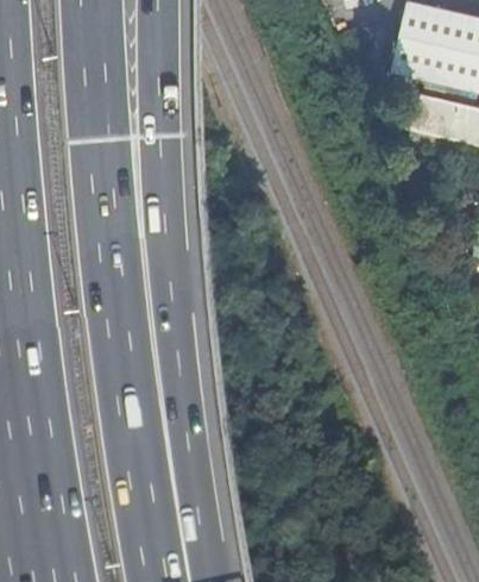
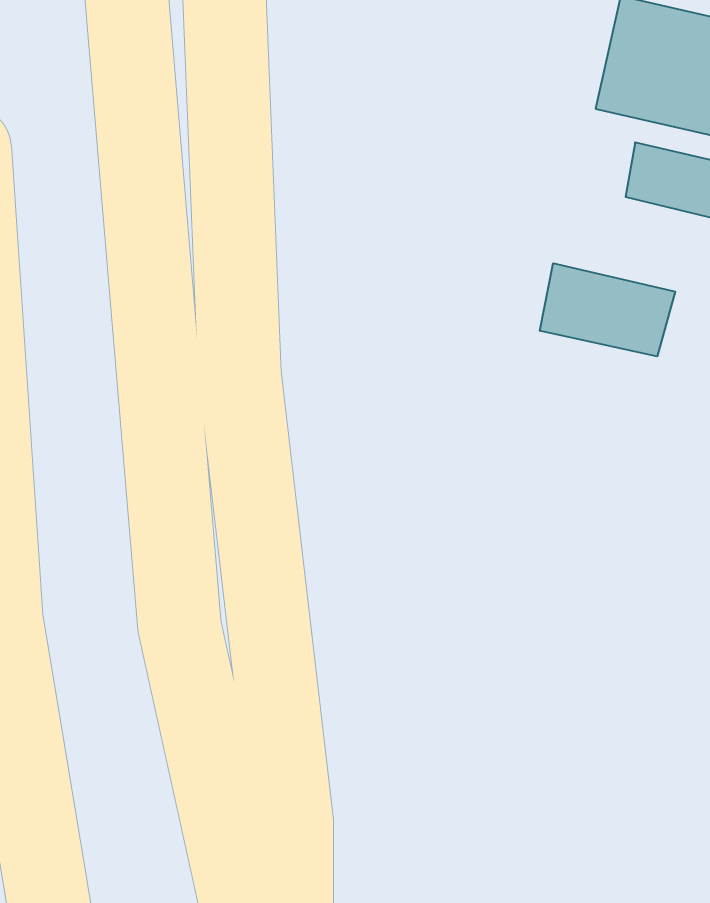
building: none -> [540,263,675,356]

